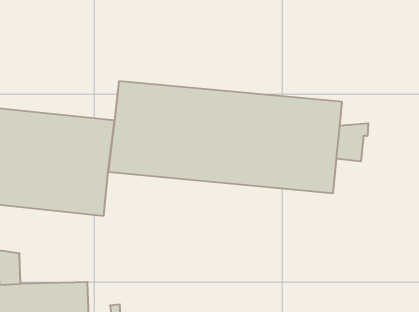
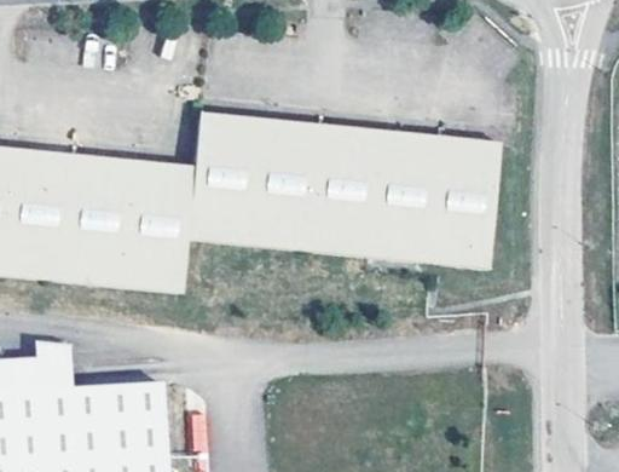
building: [337,123,368,161] -> none

